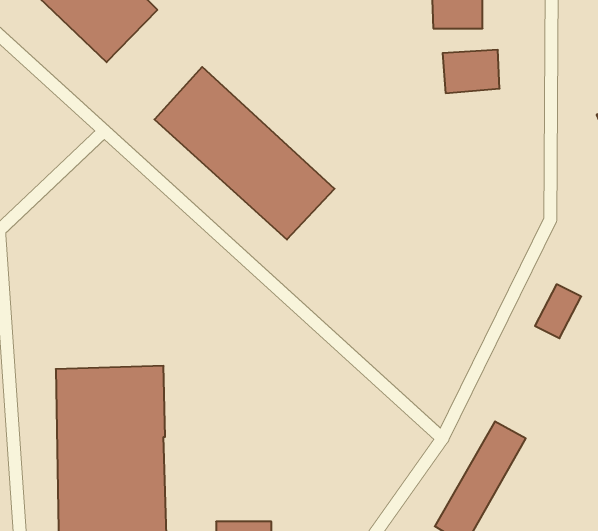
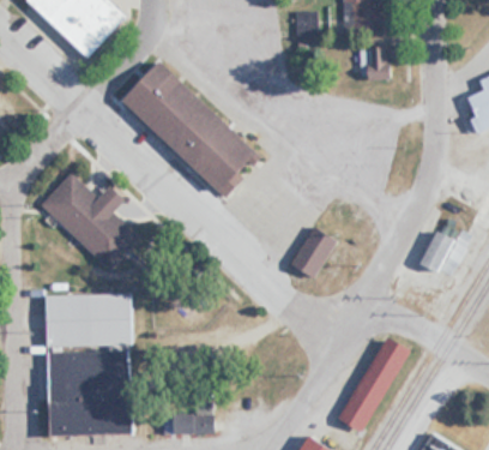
building: none -> [38,172,138,269]
building: none -> [289,224,337,278]

